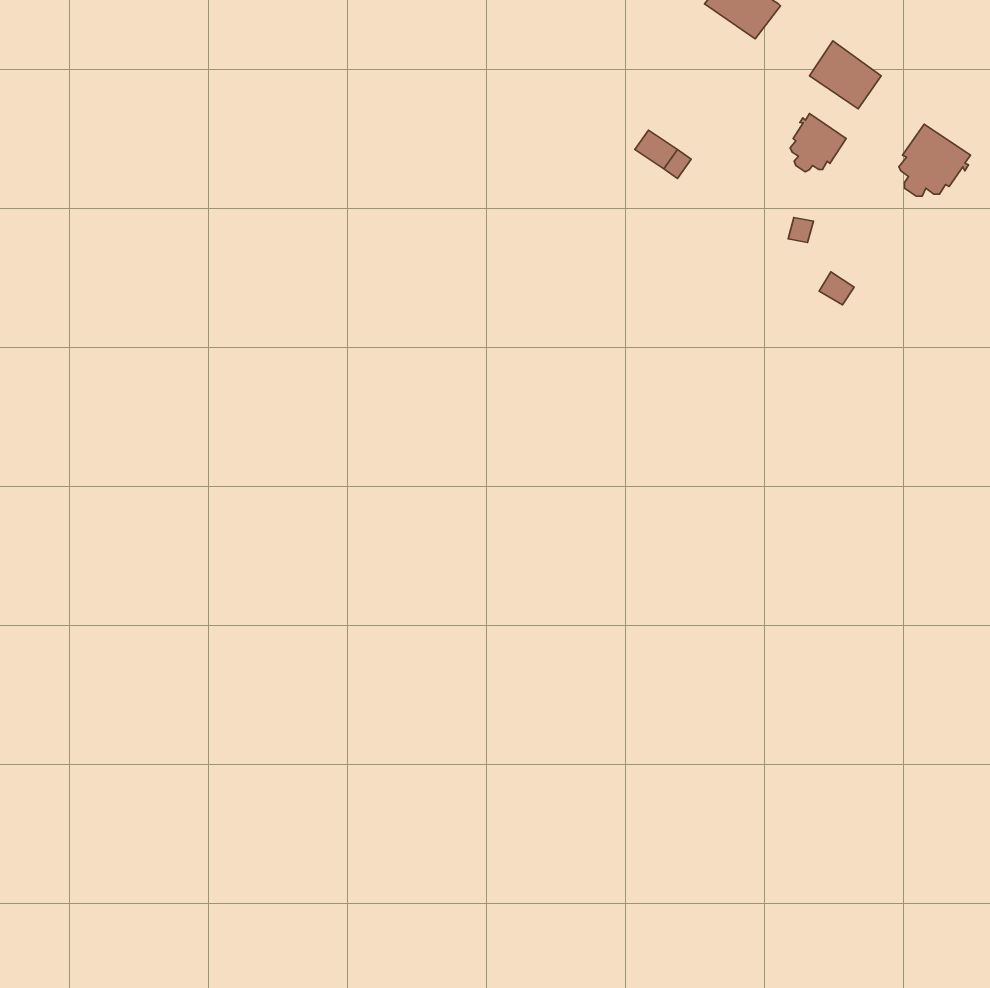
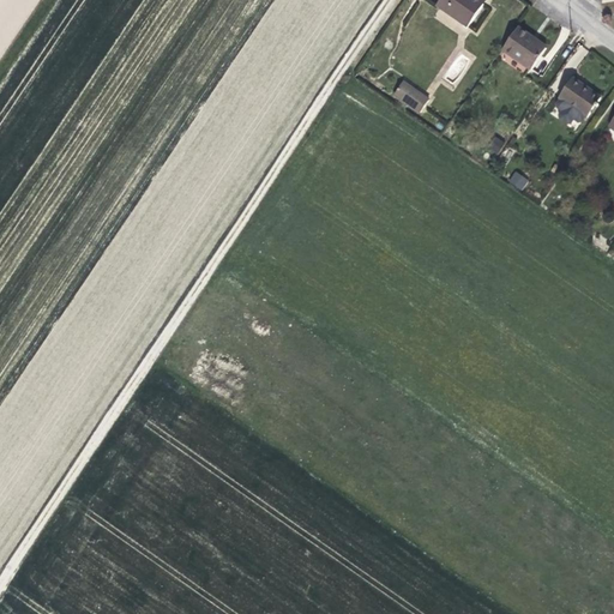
building: [790,114,846,172] -> none

